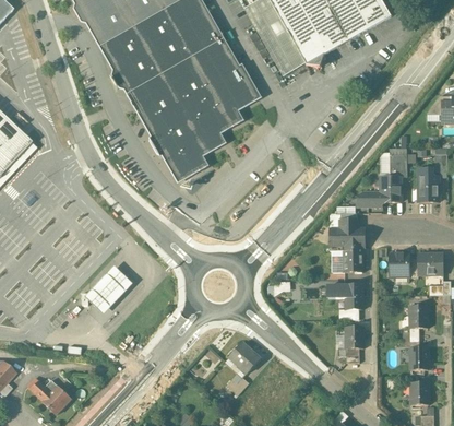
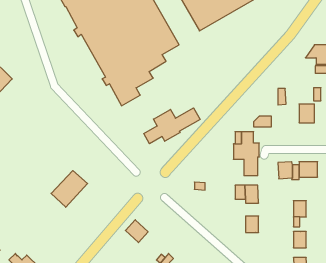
building: [380,176,399,202] -> none
building: none -> [144,108,200,144]
building: [228,343,259,374] -> [125,220,148,243]

